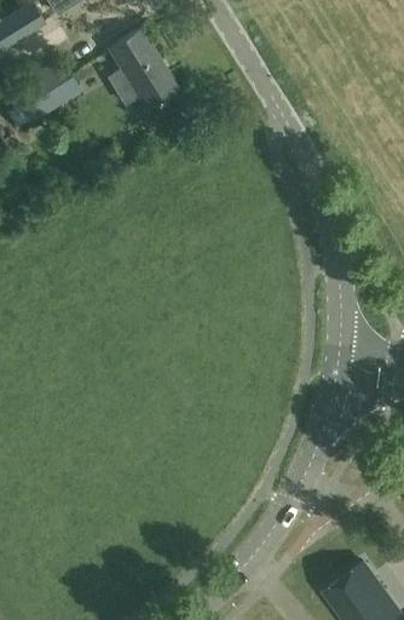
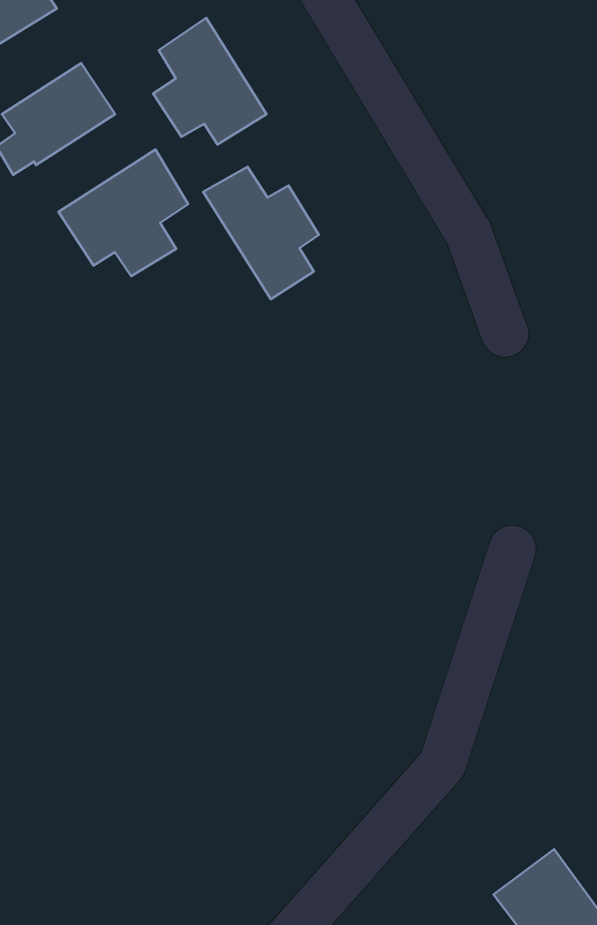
building: none -> [58,150,188,276]
building: none -> [203,167,319,299]

